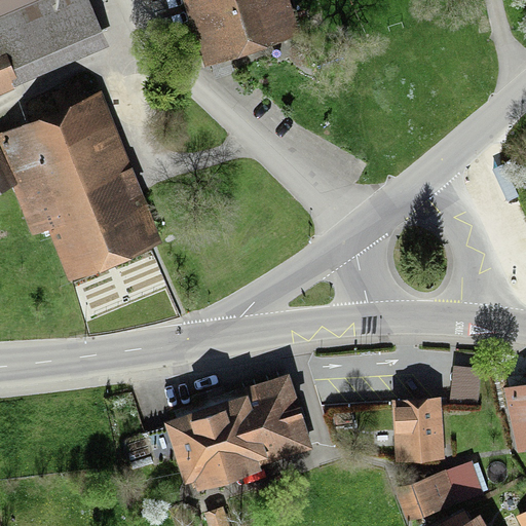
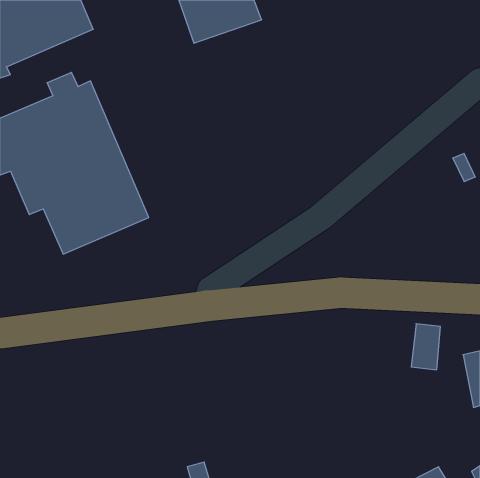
building: [143,373,312,489] -> none
building: [391,397,444,462] -> none
building: [410,462,487,517] -> none

